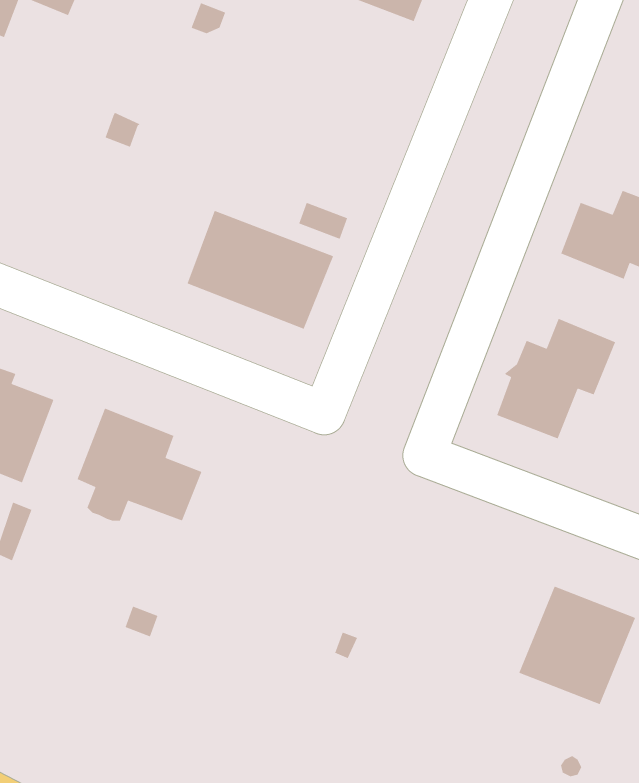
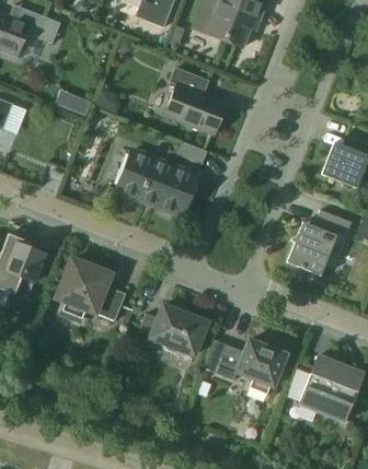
building: none -> [165,68,227,134]
building: none -> [137,305,207,354]
building: none -> [216,339,287,394]

